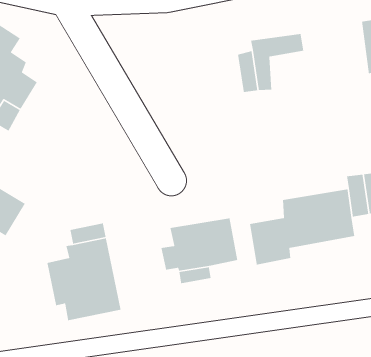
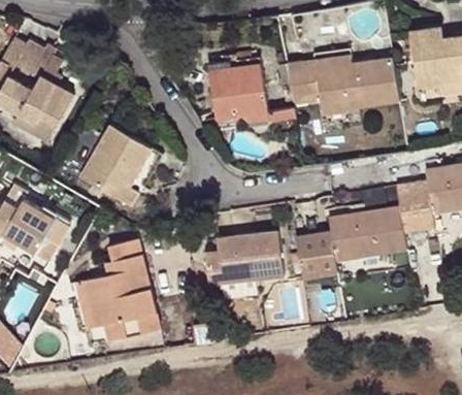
building: none -> [316,57,399,114]
building: none -> [206,63,264,126]
building: none -> [80,120,154,203]

